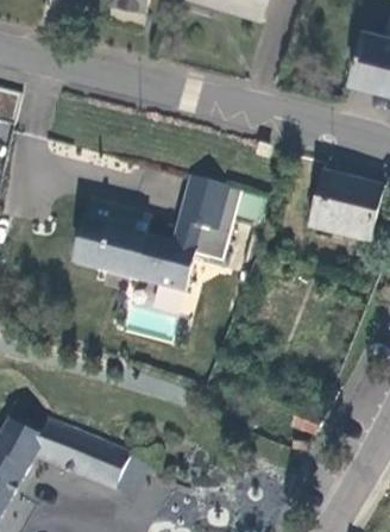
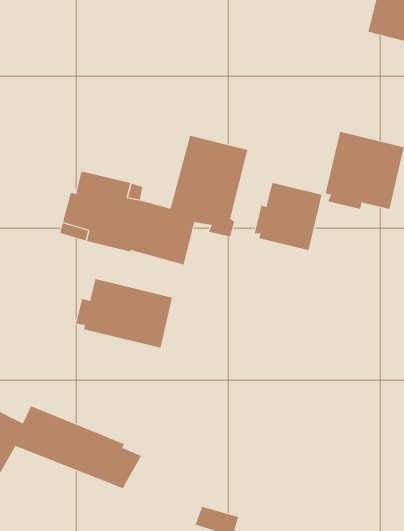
building: none -> [254,182,322,251]
building: none -> [76,278,173,349]

